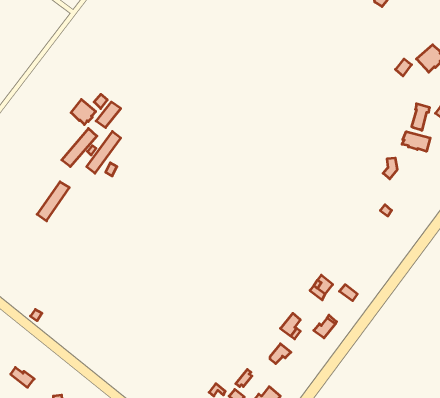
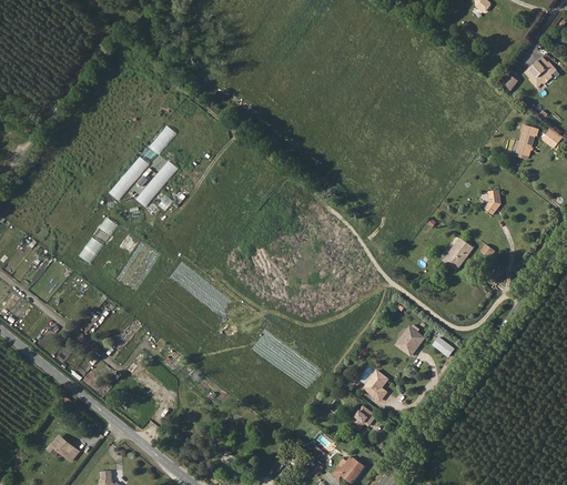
building: [71,99,96,125] -> none
building: [402,132,430,151] -> none
building: none -> [443,238,473,270]

